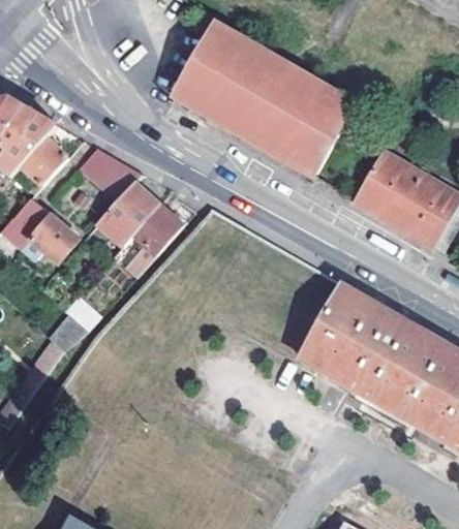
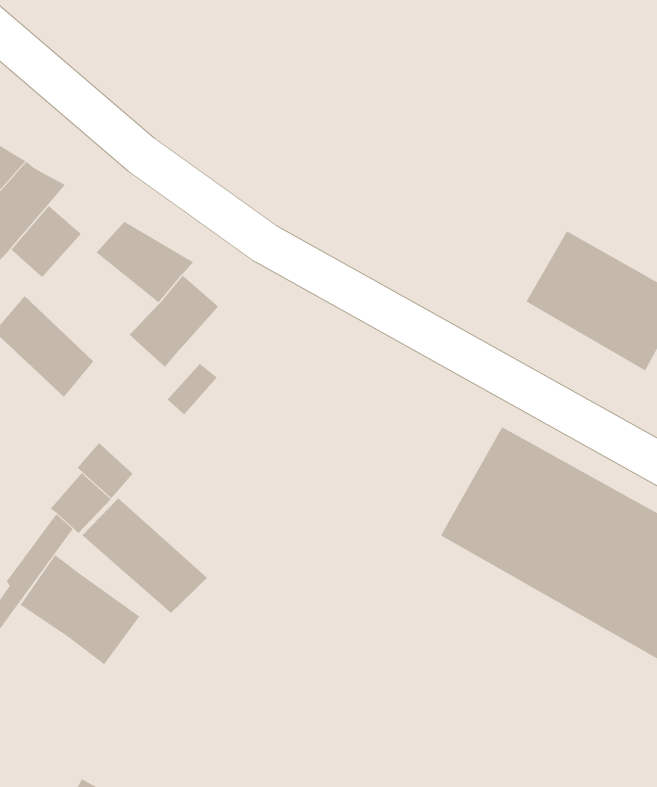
building: [174,23,358,178] -> none
building: [131,204,179,250] -> none
building: none -> [81,497,208,614]
building: none -> [20,554,140,665]

